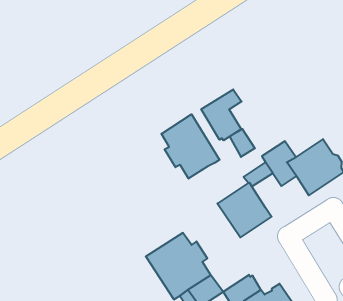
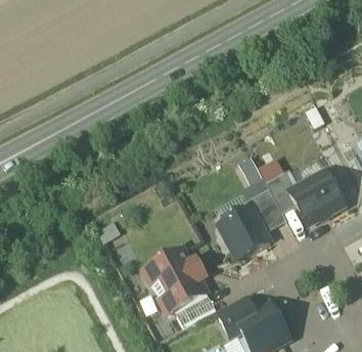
building: [201,89,242,140] -> none
building: [161,114,220,179] -> none
building: none -> [254,199,286,231]

